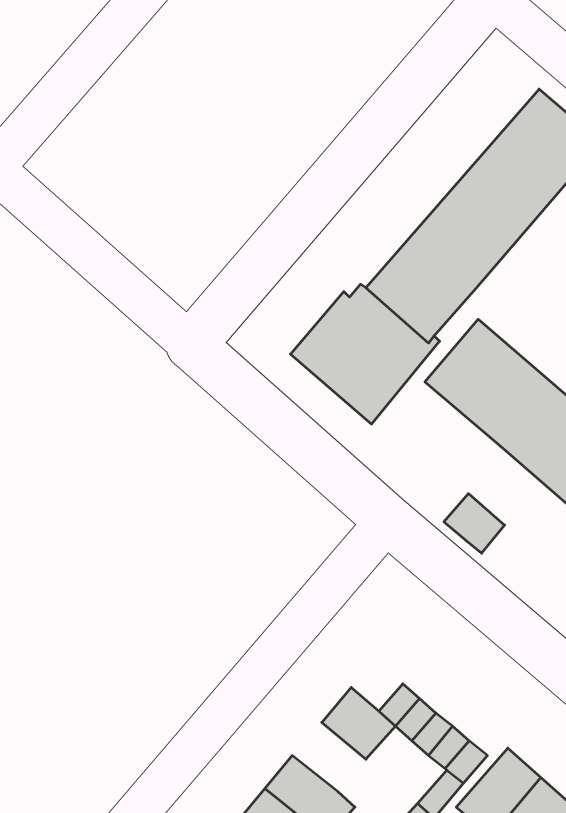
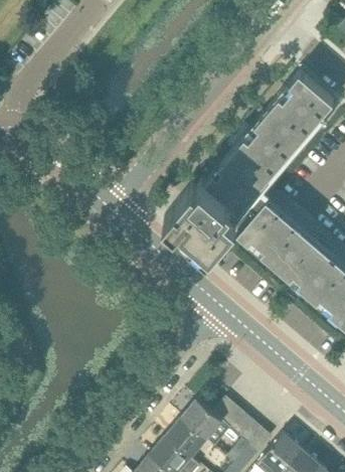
building: [444,494,505,553] -> none
building: none -> [165,420,205,458]

